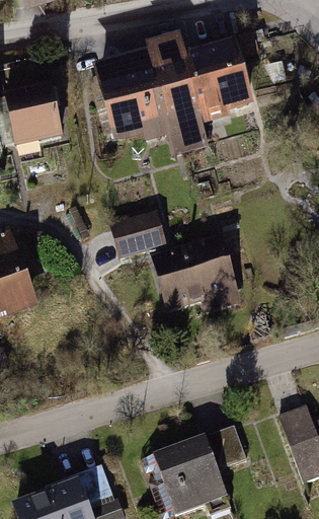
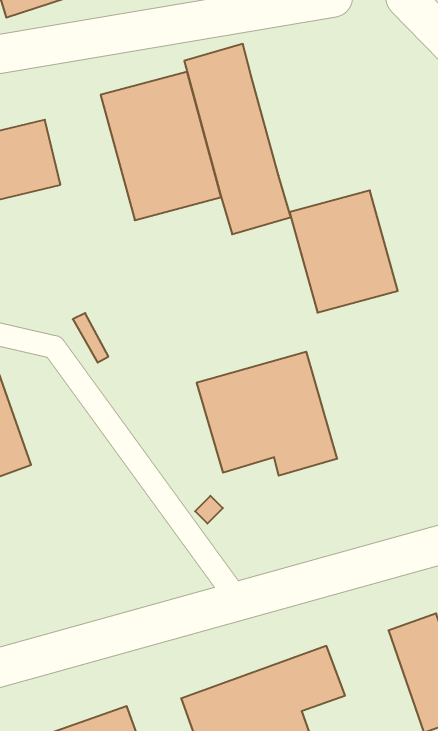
building: [186,36,257,117] -> [289,190,398,313]
building: [111,208,170,255] -> none

